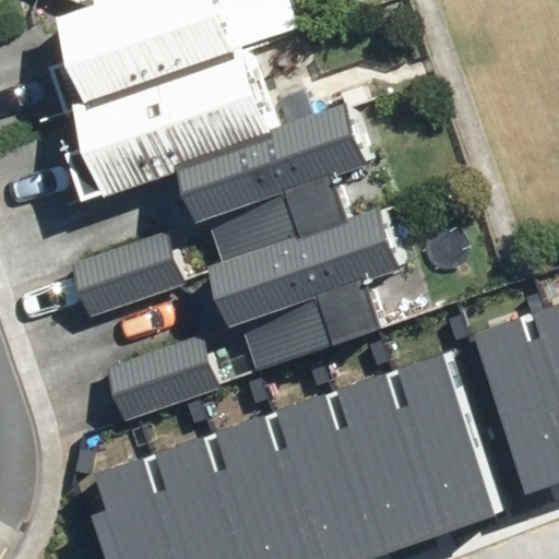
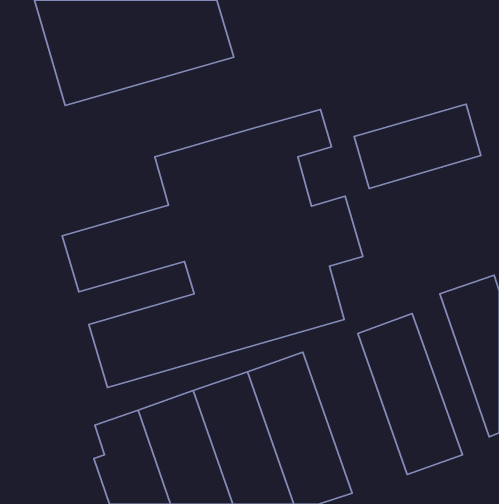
building: [72,63,281,195] -> none
building: none -> [354,104,481,189]
building: [335,369,451,546] -> none

